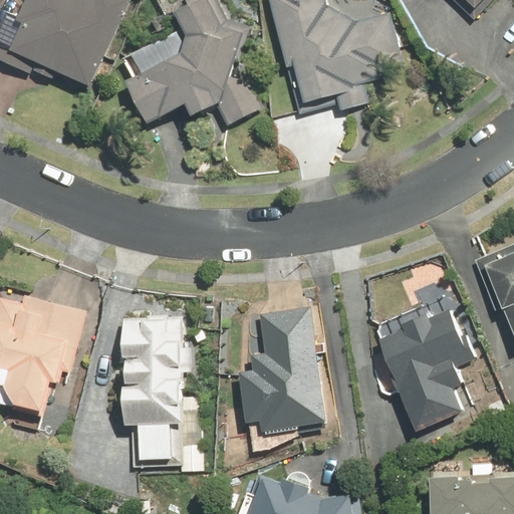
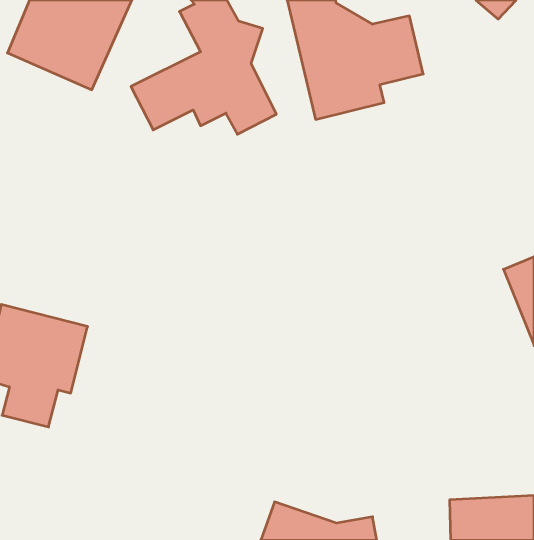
building: [377,304,475,428] -> none
building: [239,305,323,430] -> none
building: [121,316,204,474] -> none

